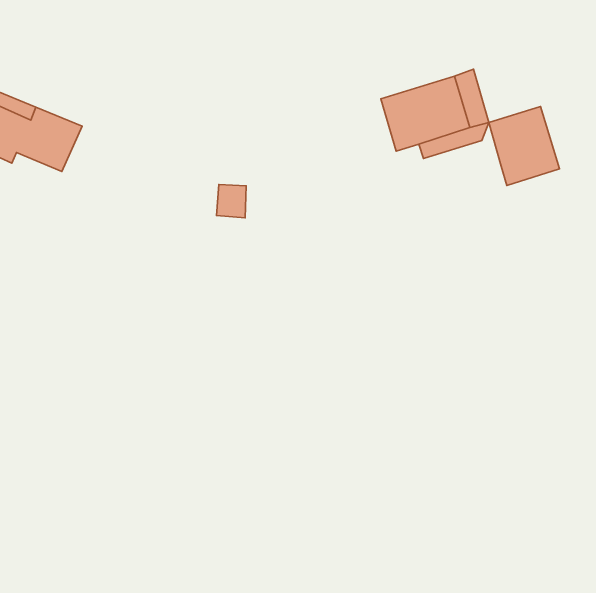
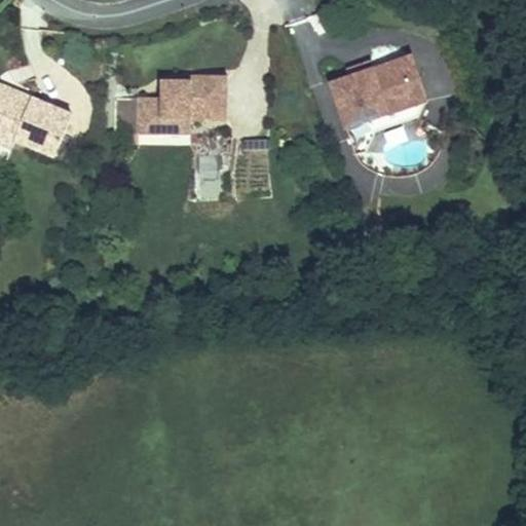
building: none -> [139,68,227,128]
building: [489,107,560,185] -> none

